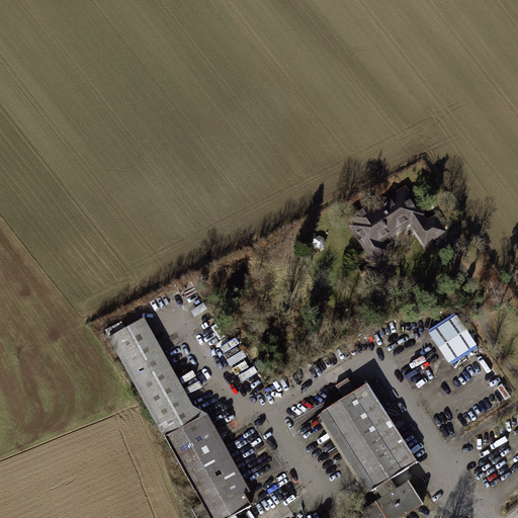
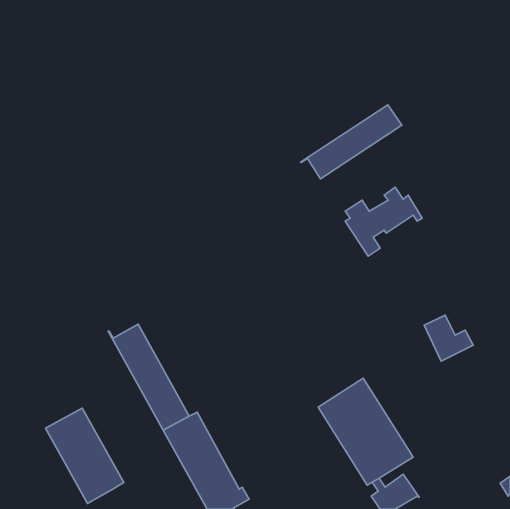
building: none -> [300,105,402,179]
building: [416,214,445,243] -> none
building: none -> [45,408,124,504]

